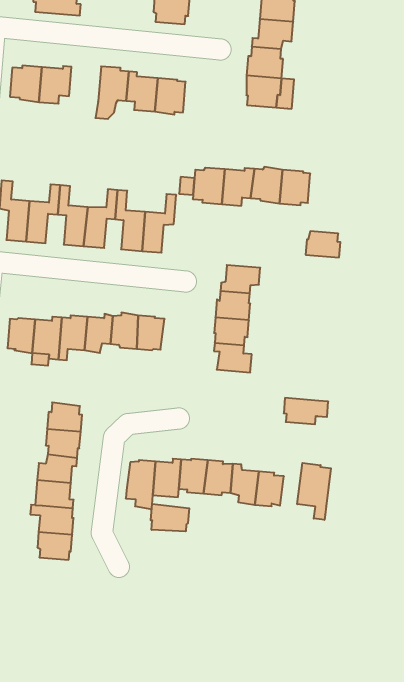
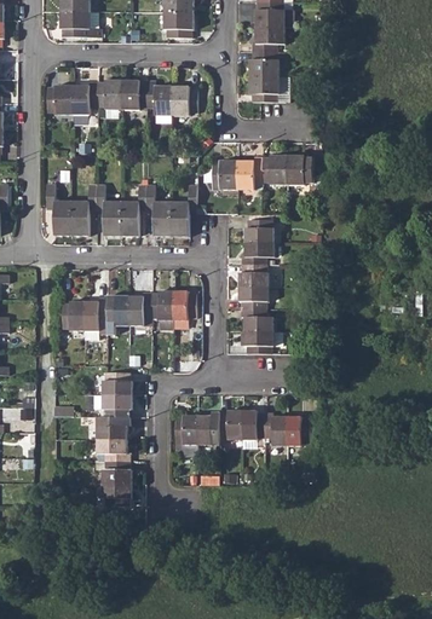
building: none -> [97,79,122,109]
building: [306,231,340,257] -> [244,220,273,241]
building: [284,398,328,424] -> [243,331,281,352]
building: [297,463,331,520] -> none
building: [151,504,189,531] -> none

